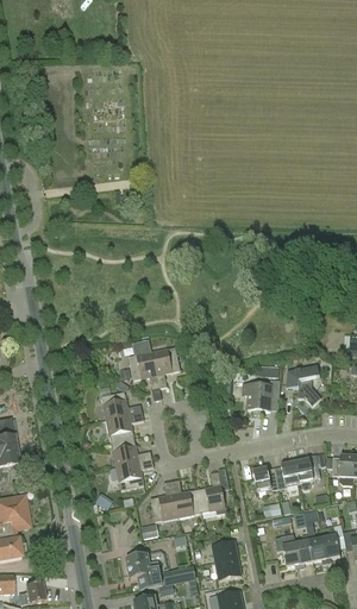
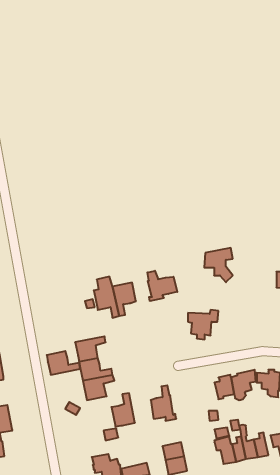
building: none -> [147,271,177,301]
building: [286,364,320,406] -> [204,248,233,282]
building: [101,390,142,419] -> [47,351,80,375]
building: [252,464,280,492] -> none
building: [171,478,201,516] -> none

